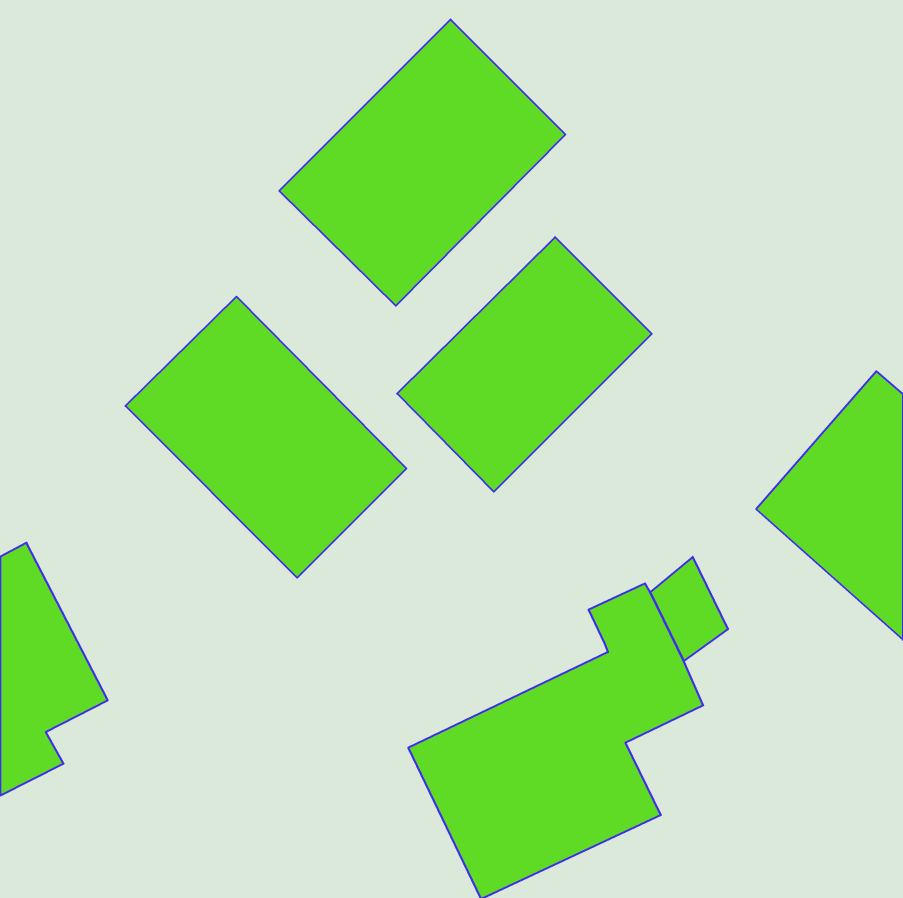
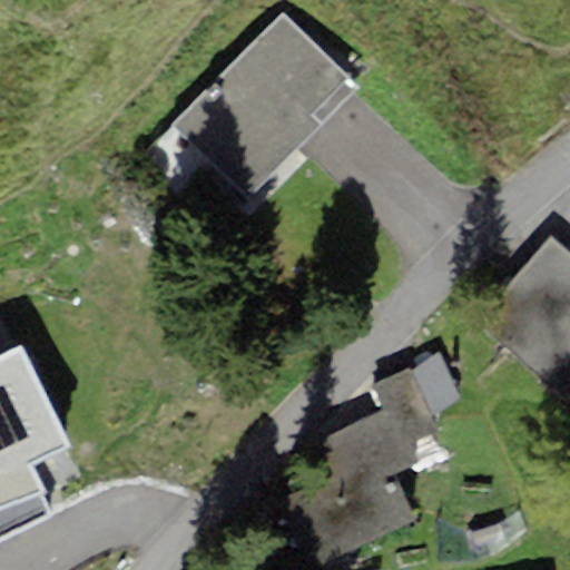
building: [397,237,652,492] -> none
building: [125,297,406,578] -> none

